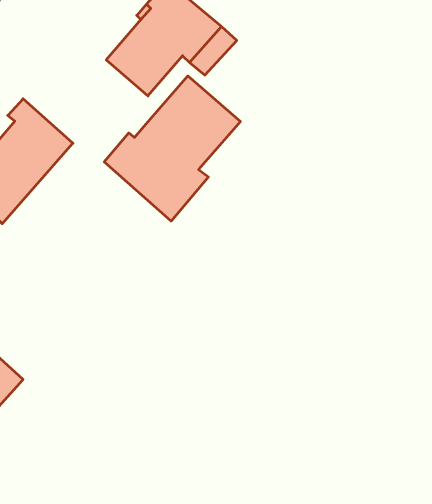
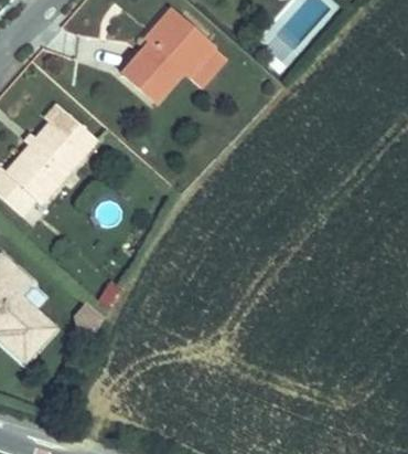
building: [104,76,240,221] -> none

